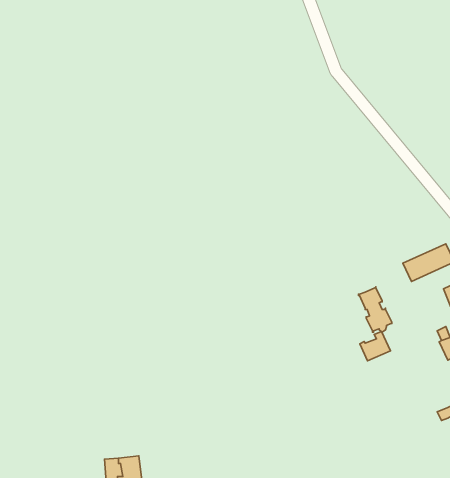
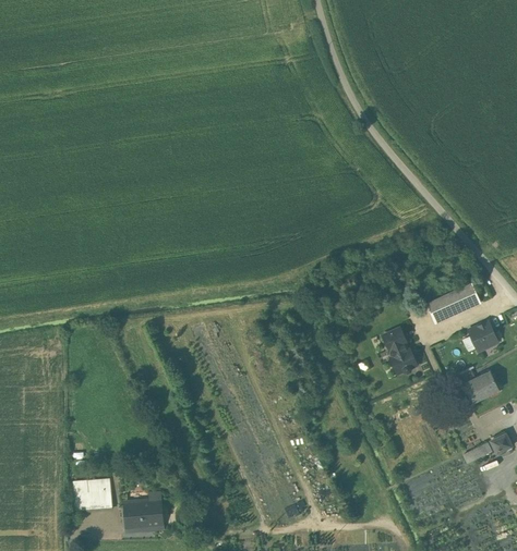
building: [360,331,391,361] -> none
building: none -> [86,483,111,509]

